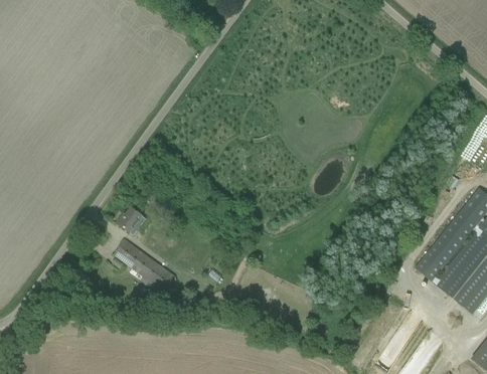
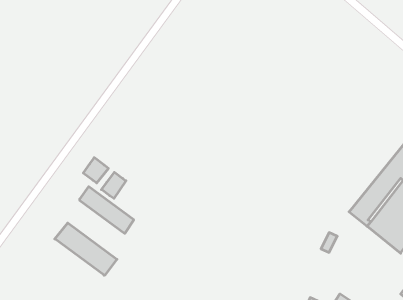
building: none -> [101,172,126,198]
building: none -> [55,223,117,275]

